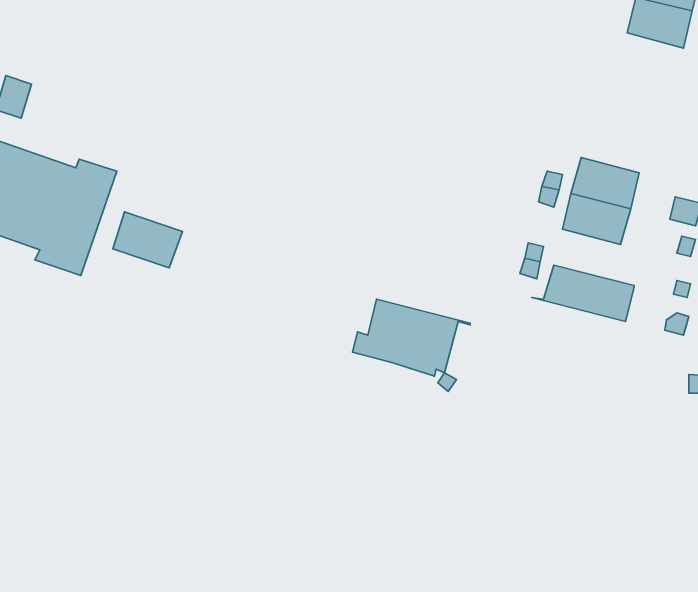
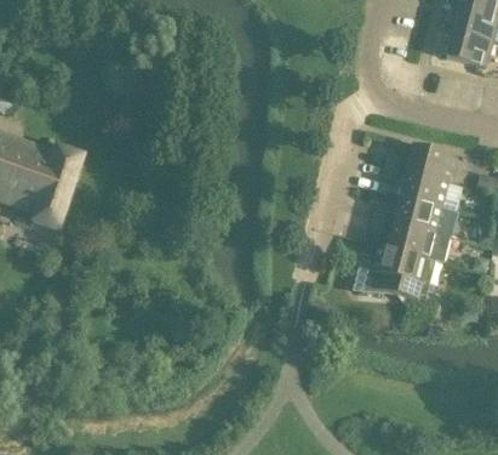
building: [113,212,183,268] -> none
building: none -> [394,195,459,237]
building: [352,299,470,376] -> [361,244,445,298]

